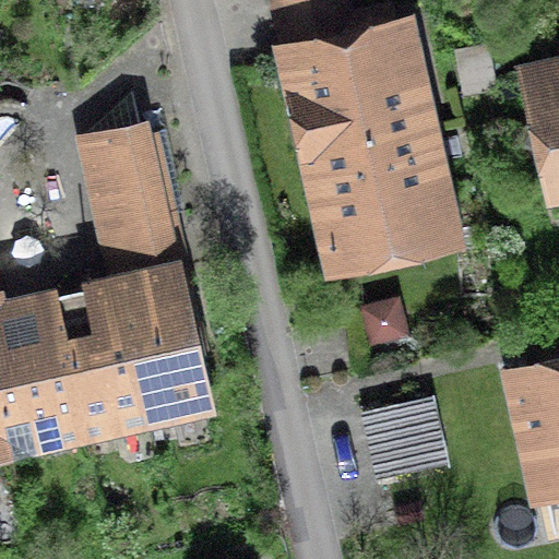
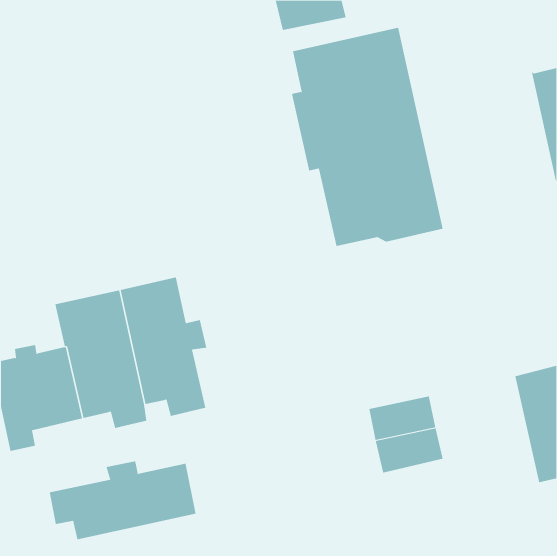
building: [83,86,174,280] -> none
building: none -> [49,460,196,540]

